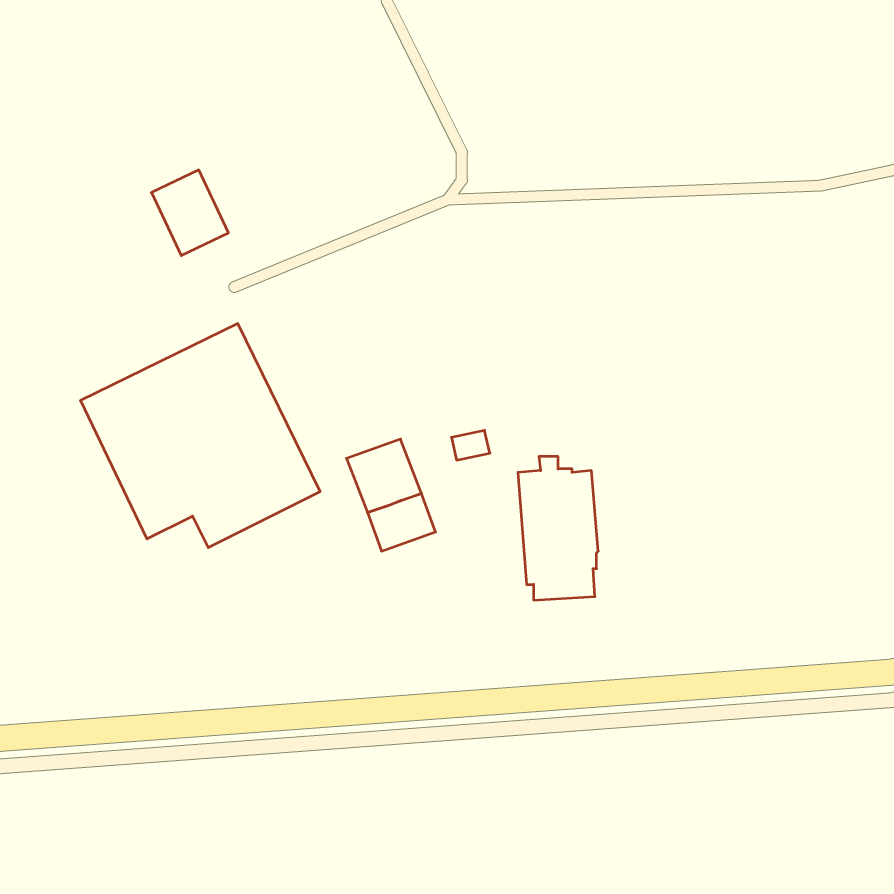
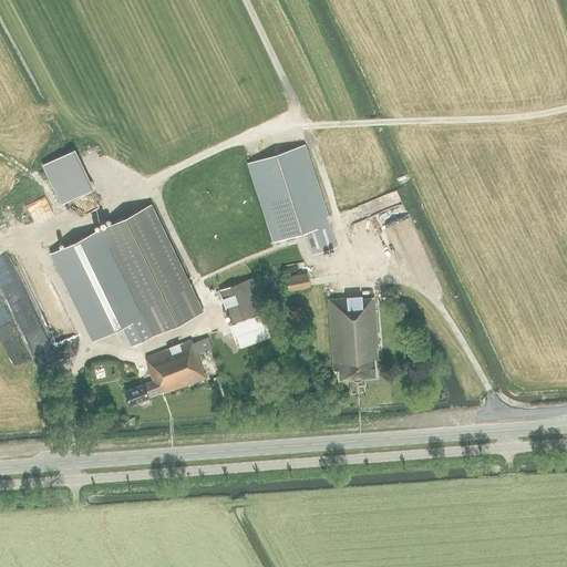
building: [151,170,228,256] -> [42,151,91,205]
building: none -> [248,145,337,255]
building: none -> [126,340,205,403]

